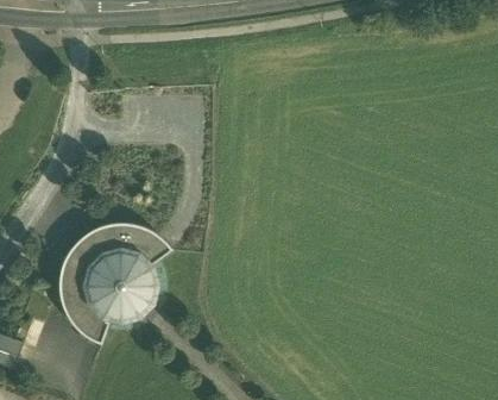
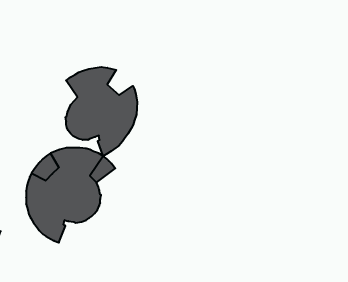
building: none -> [66,67,137,156]

